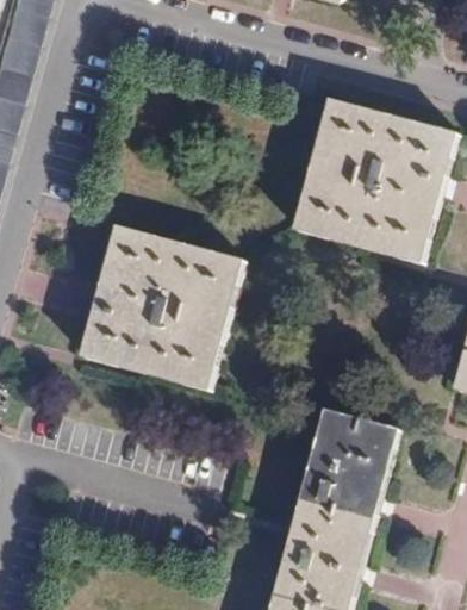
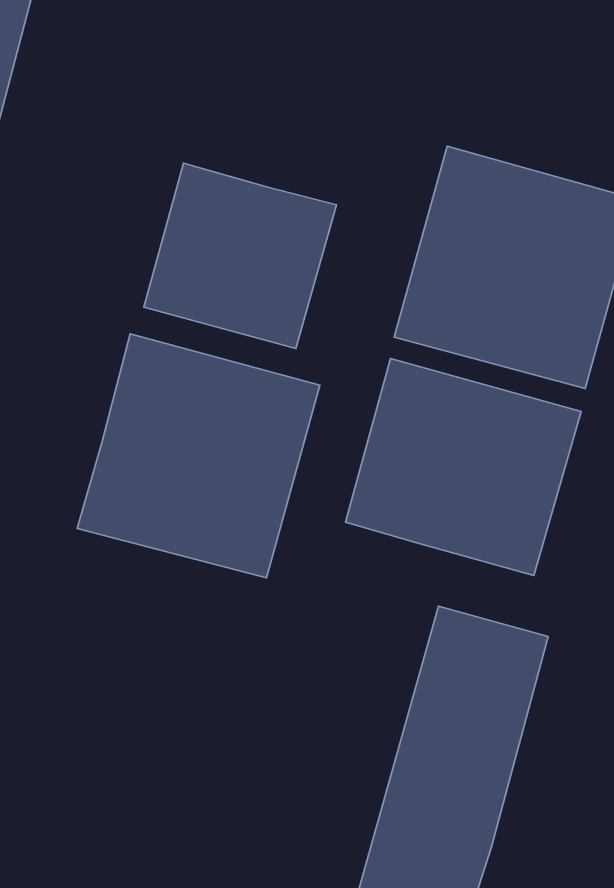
building: none -> [144,163,337,348]
building: none -> [346,359,581,575]

